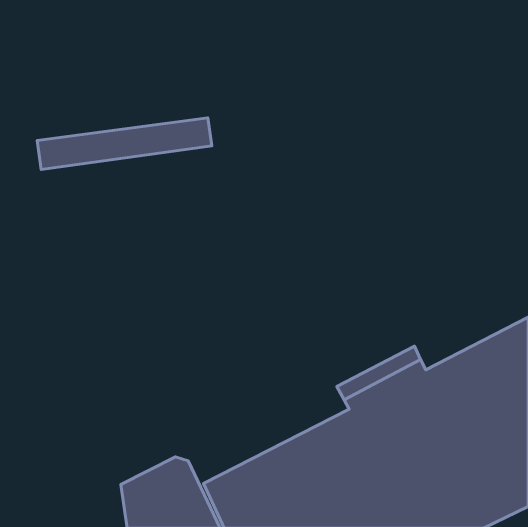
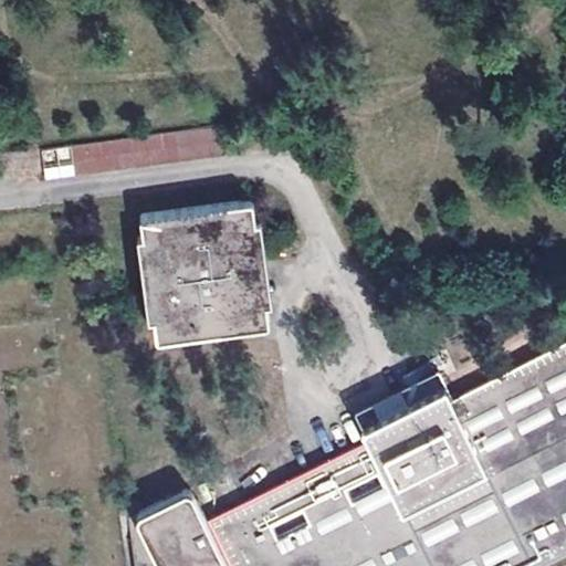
building: none -> [139,202,268,337]

